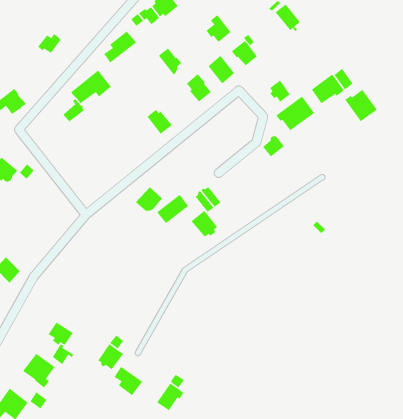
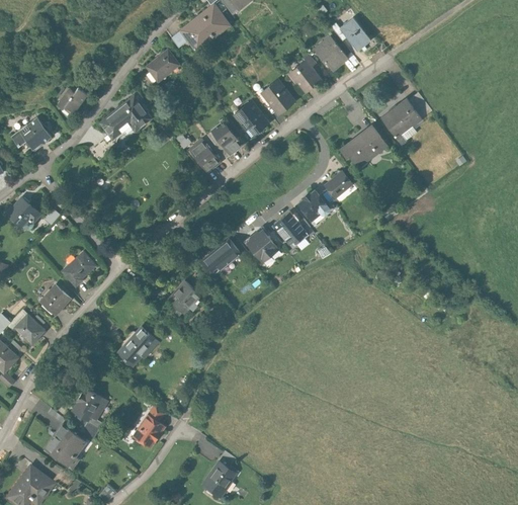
building: [205,14,231,43] -> [316,35,346,69]
building: [37,33,62,54] -> [58,87,86,111]
building: [158,48,182,75] -> [210,120,239,153]
building: [269,80,291,103] -> none
building: [344,89,378,122] -> none
building: none -> [298,192,328,221]
building: [135,186,163,212] -> [167,282,199,312]
building: none -> [62,252,94,285]
building: [190,210,218,238] -> [272,213,305,245]
building: none -> [39,285,68,315]
building: none -> [118,329,157,364]
building: [113,366,143,396] -> none

